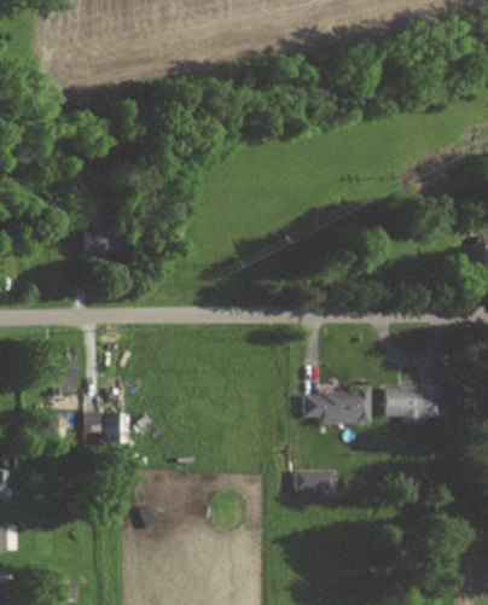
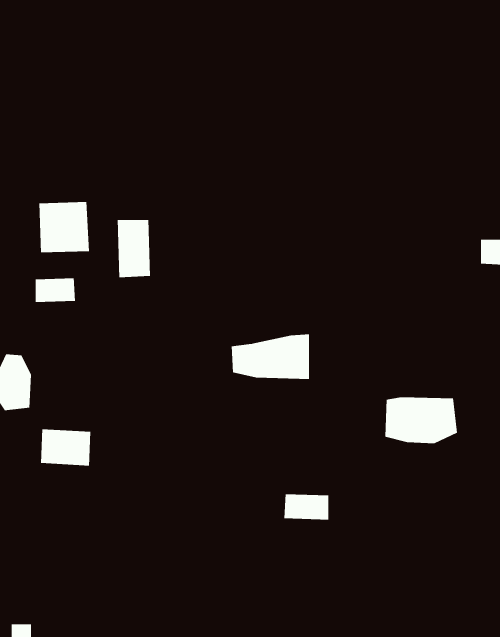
building: none -> [117,219,150,278]
building: none -> [35,278,75,303]
building: [303,383,372,423] -> [231,334,310,379]

